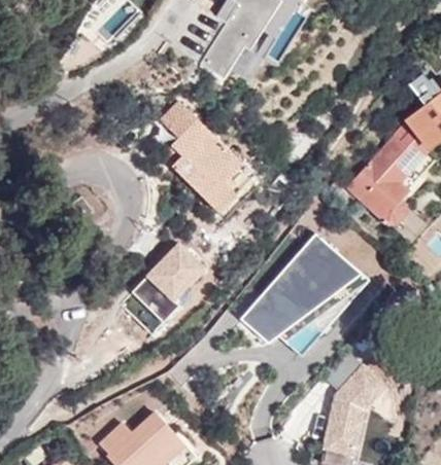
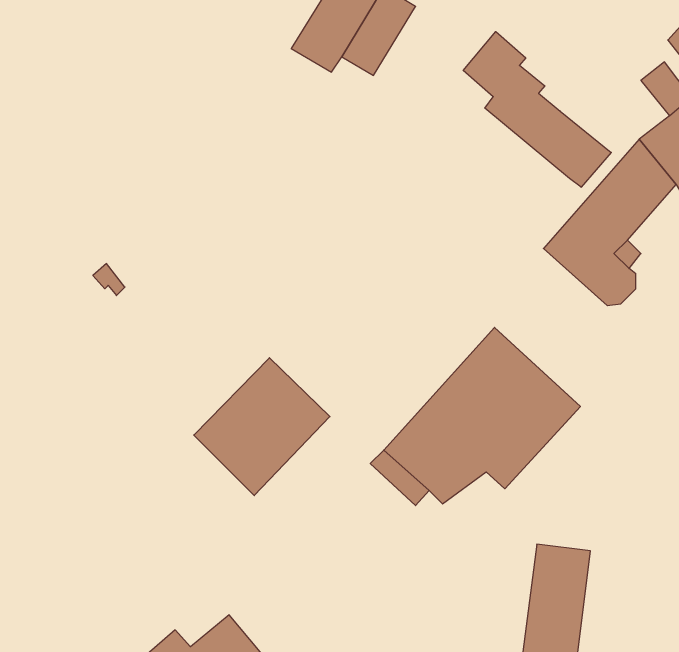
building: none -> [463,32,611,187]
building: [156,98,258,215] -> none

